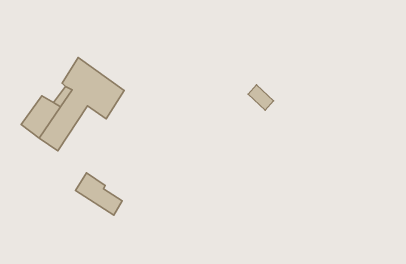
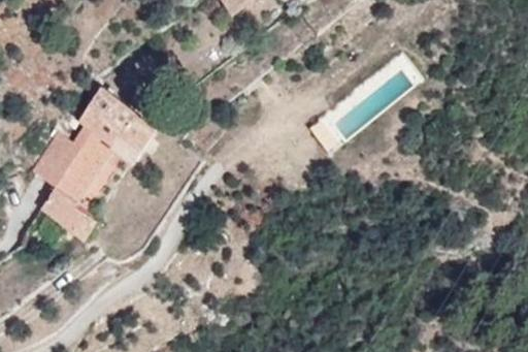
building: [75,173,122,215] -> [40,187,97,238]

